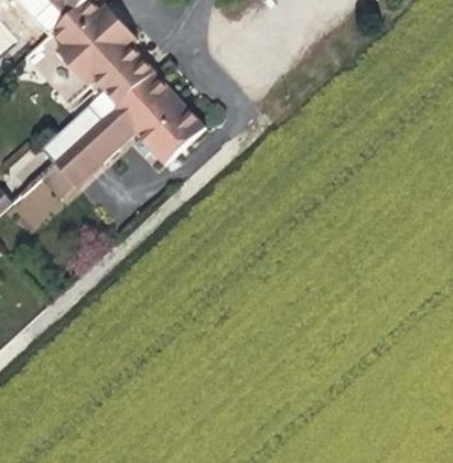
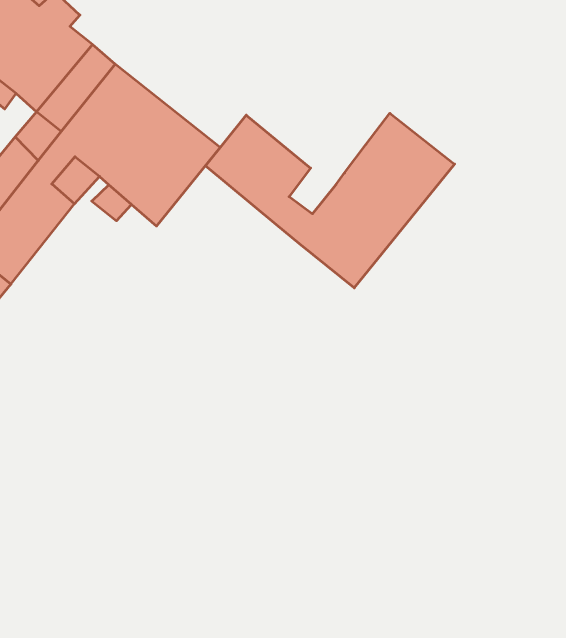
building: none -> [206,113,455,288]

